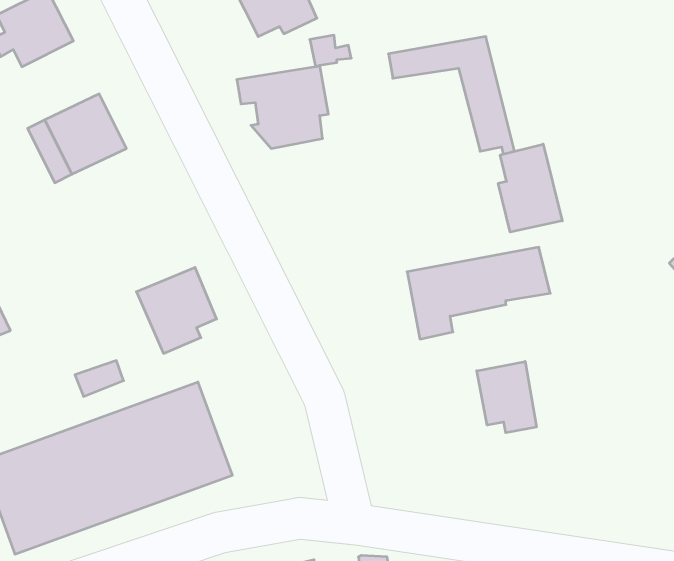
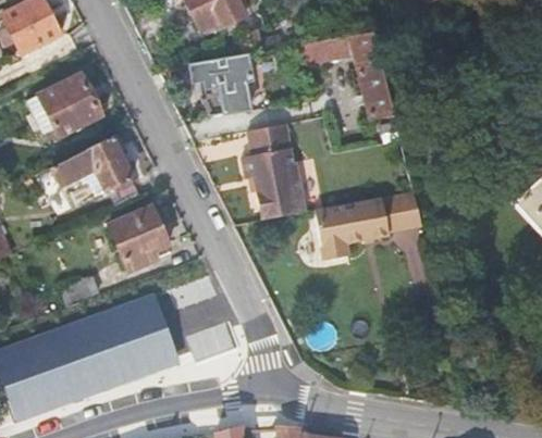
building: [498,144,562,232] -> none
building: none -> [242,127,305,220]
building: none -> [51,138,132,197]
building: [477,361,536,433] -> none

